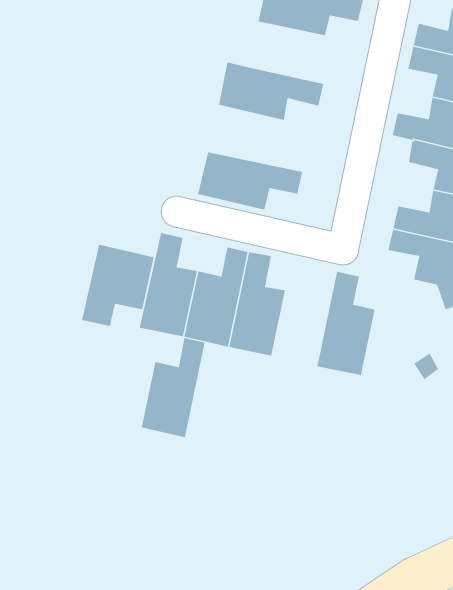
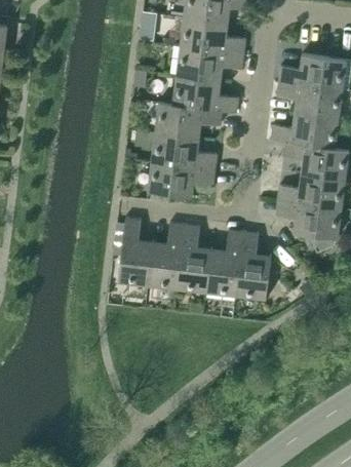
building: none -> [172,74,238,112]
building: none -> [151,130,217,168]
building: [81,244,155,327] -> none
building: [141,337,206,438] -> [205,229,242,295]

